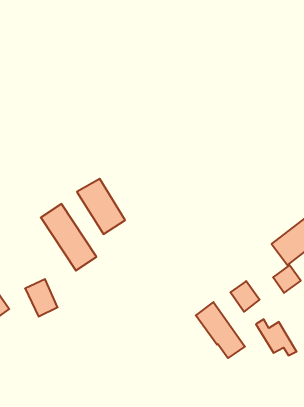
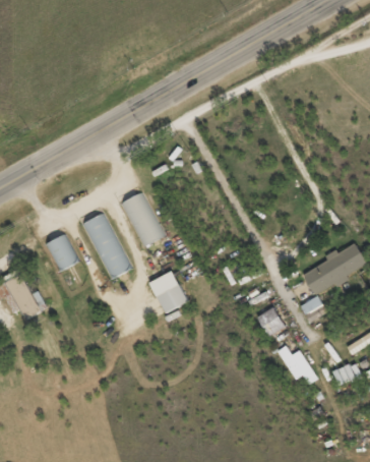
building: none -> [149,270,188,312]
building: [25,279,58,317] -> [47,234,76,270]
building: [196,302,245,358] -> none

